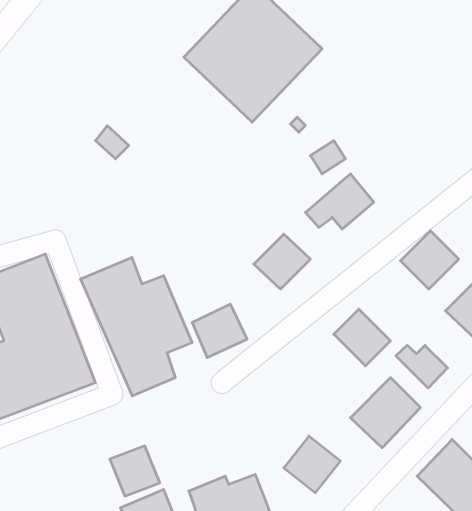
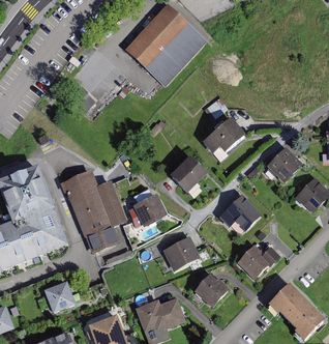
building: [396,345,448,388] -> none
building: none -> [158,238,196,274]
building: [110,446,160,496] -> [39,284,70,315]

